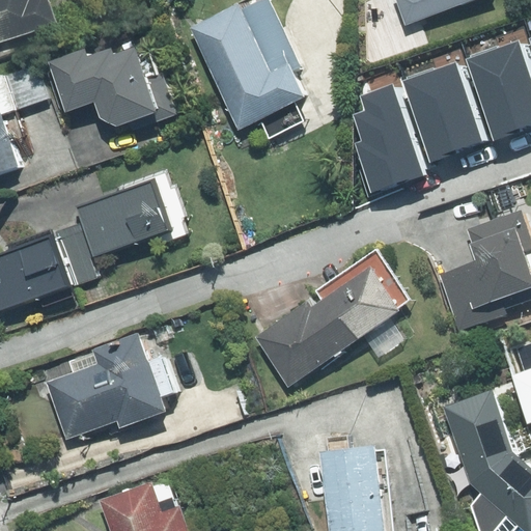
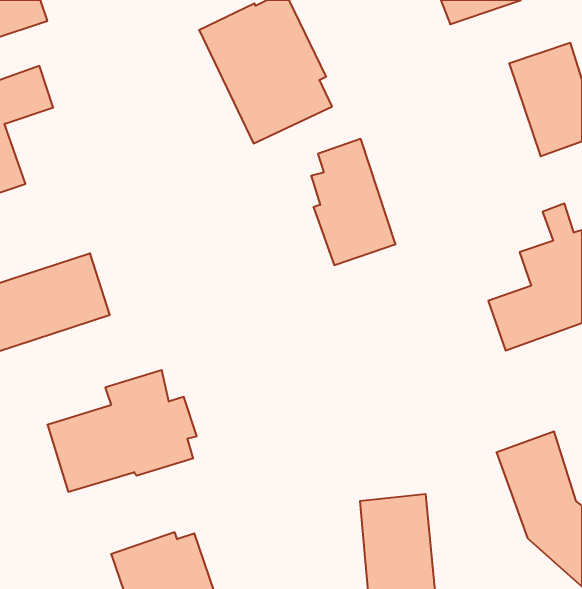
building: [50,46,178,132] -> none
building: [393,62,477,164] -> none
building: [344,83,420,196] -> [311,139,396,265]
building: [78,177,177,257] -> none
building: [255,247,414,390] -> none

